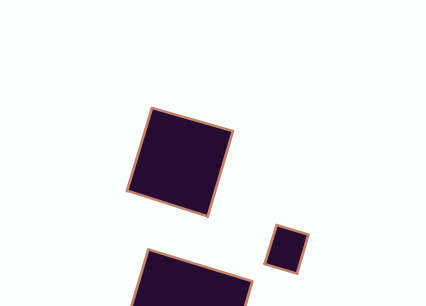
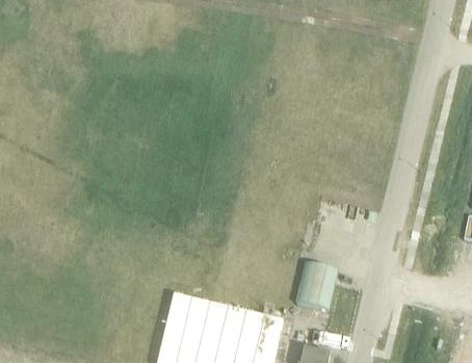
building: [127,108,233,217] -> none

